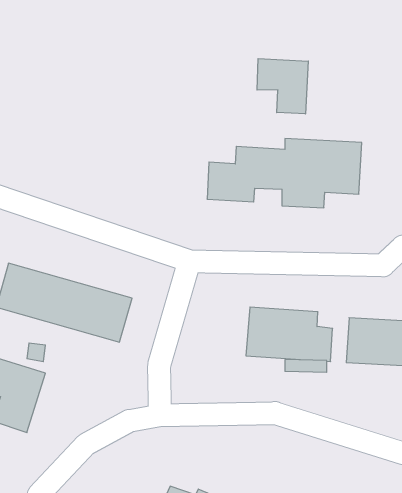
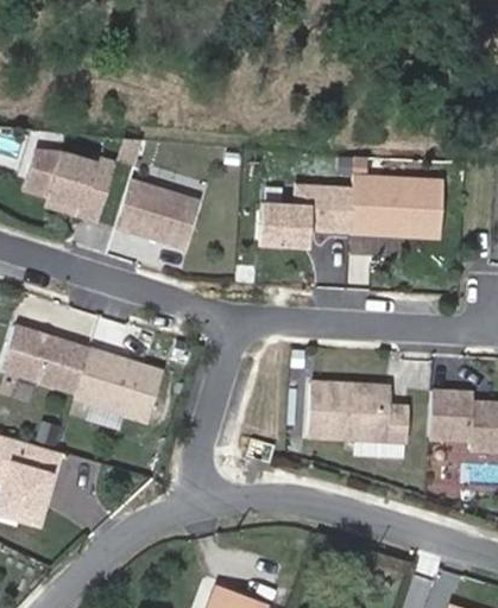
building: [257,59,308,114] -> none
building: none -> [21,144,115,218]
building: none -> [108,177,200,262]

